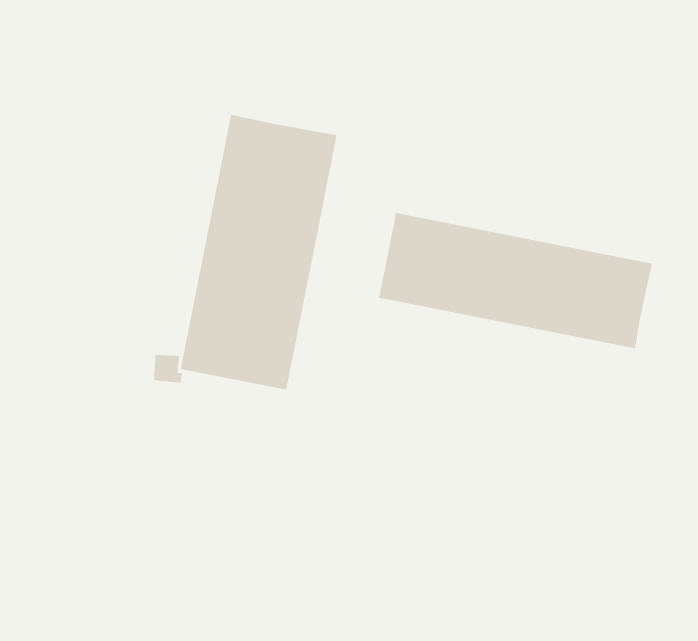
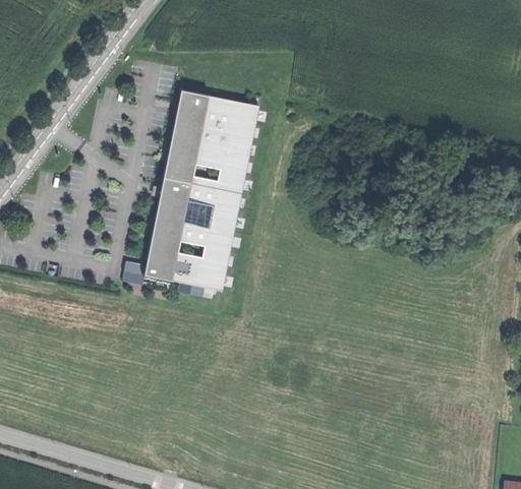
building: [378,212,653,349] -> none

